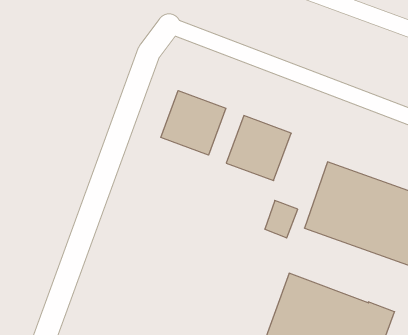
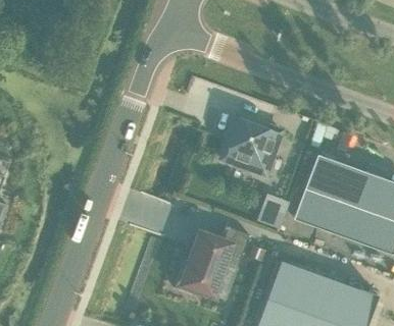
building: [161,91,226,155] -> none
building: none -> [175,221,250,296]

